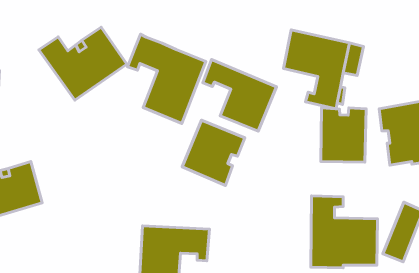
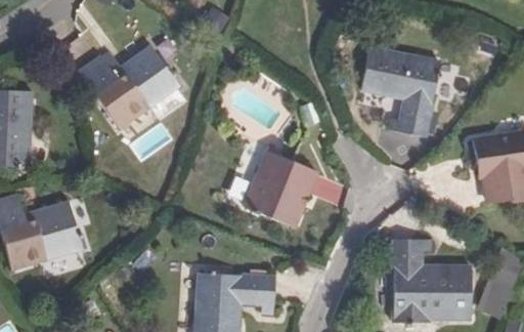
building: [128,34,206,123] -> none
building: [203,59,276,131] -> none
building: [321,108,366,162] -> none

